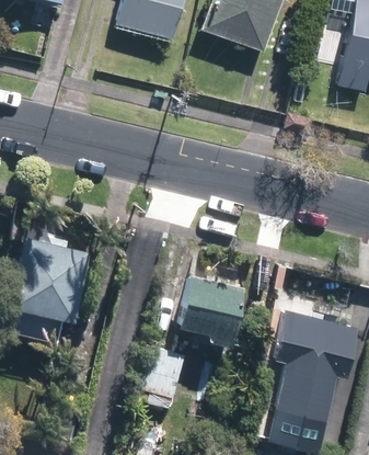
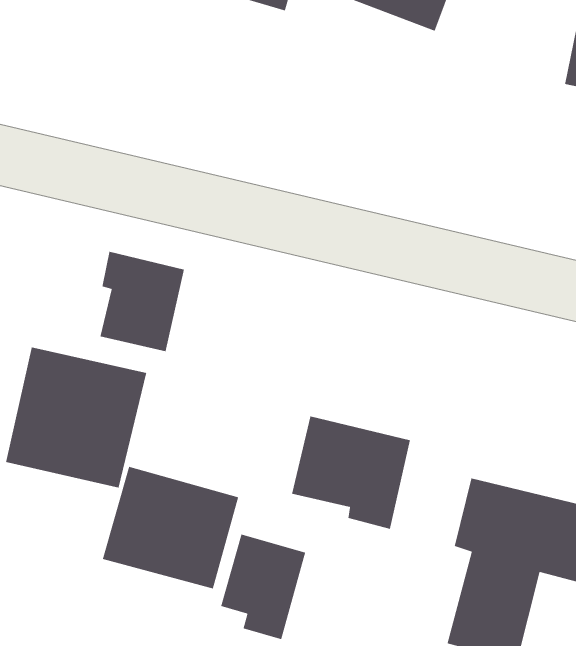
building: none -> [99,251,185,352]
building: none -> [102,466,239,590]

